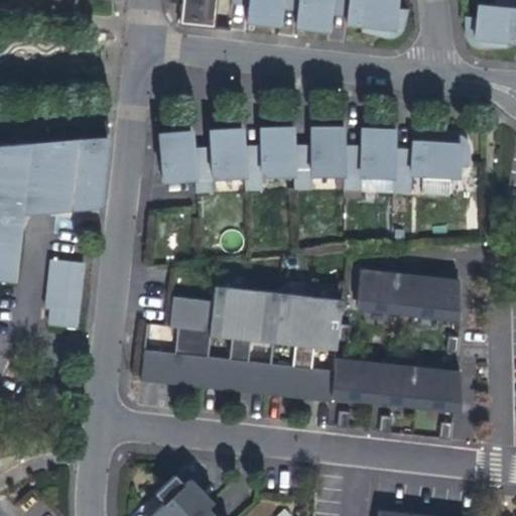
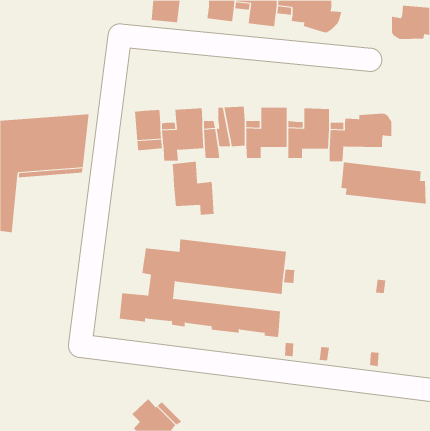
building: none -> [172,161,214,216]
building: [47,258,86,329] -> none
building: [360,266,463,316] -> [341,162,427,204]
building: [334,360,464,407] -> none

